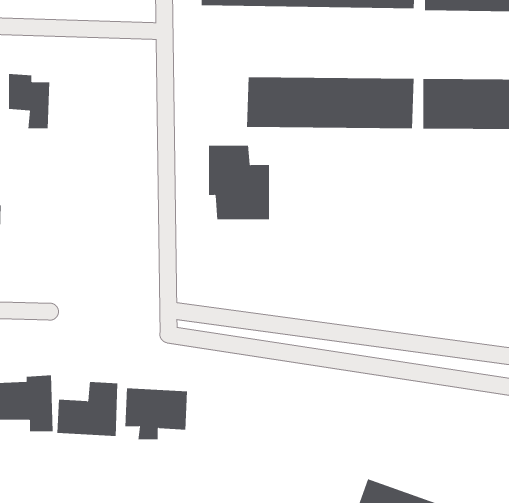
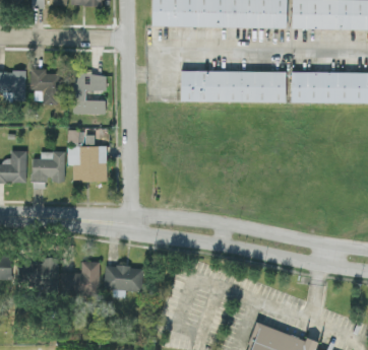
building: none -> [73,73,106,114]
building: [208,145,270,220] -> [68,134,107,181]
building: none -> [32,151,64,189]

